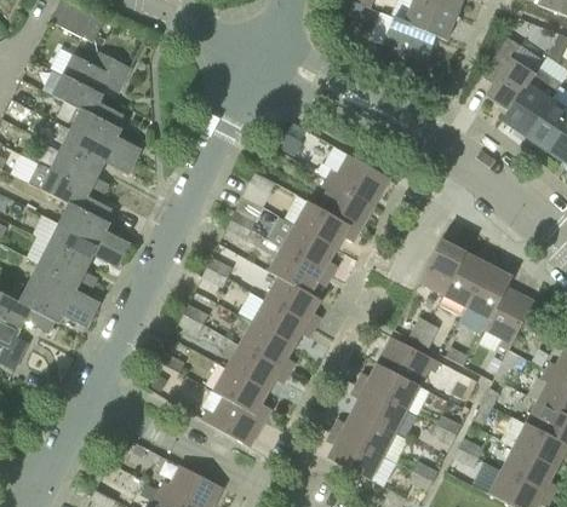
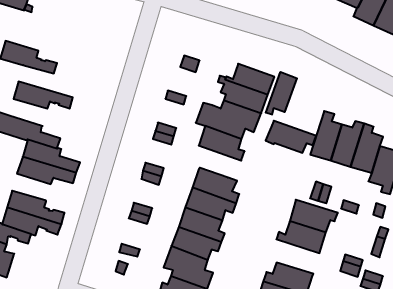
building: [63,45,131,94] -> none
building: [70,109,141,160] -> none
building: [51,149,108,195] -> none
building: none -> [266,72,297,115]
building: [39,242,97,288] -> none
building: [267,247,331,293] -> [266,121,316,153]
building: [350,380,408,431] -> none

